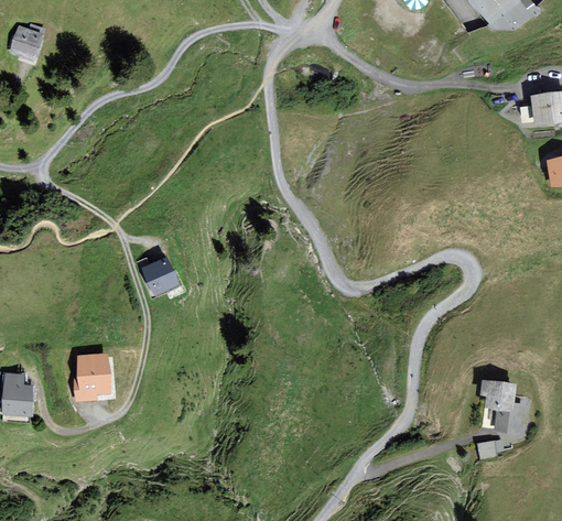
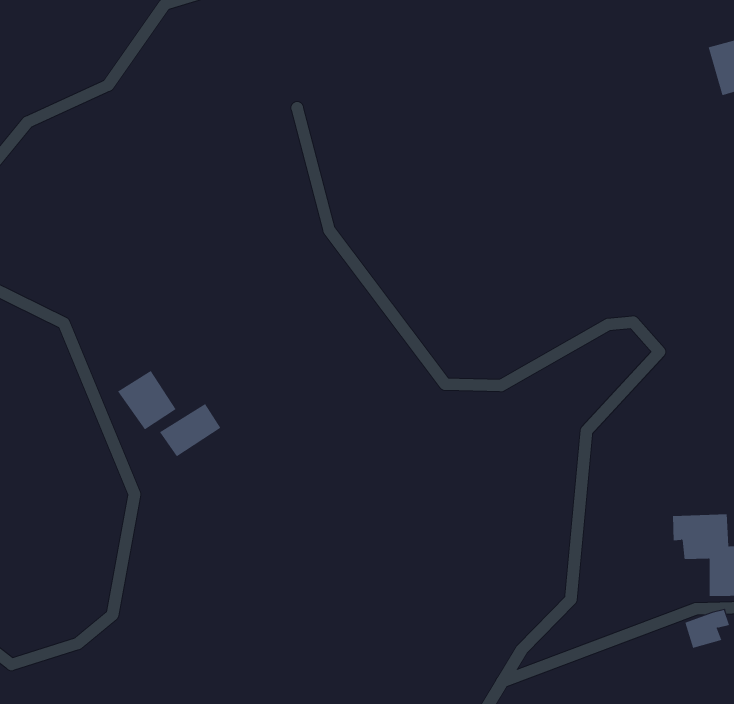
building: none -> [159,403,221,457]
building: [76,352,108,399] -> none

